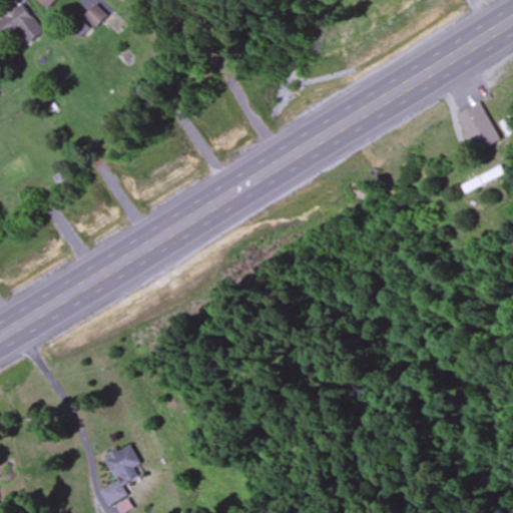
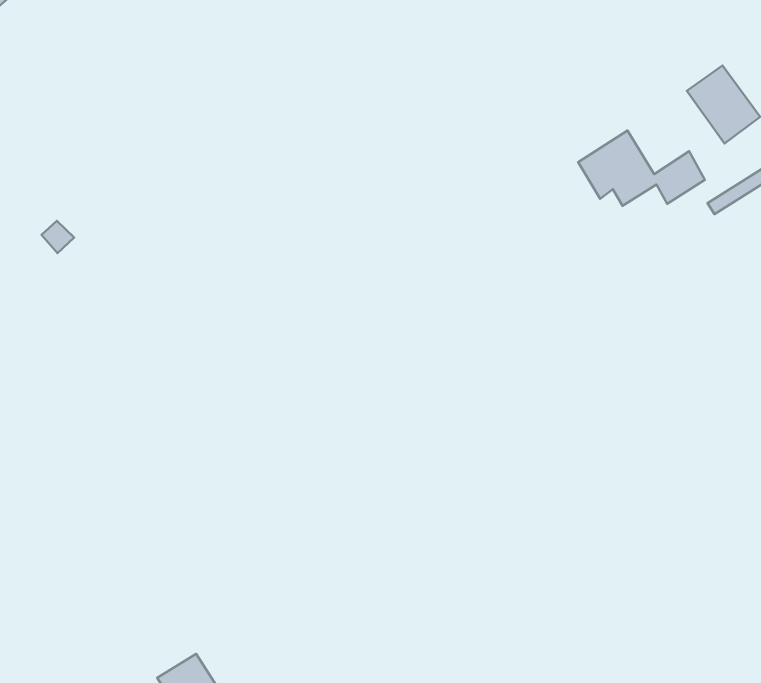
building: none -> [578,131,705,206]

